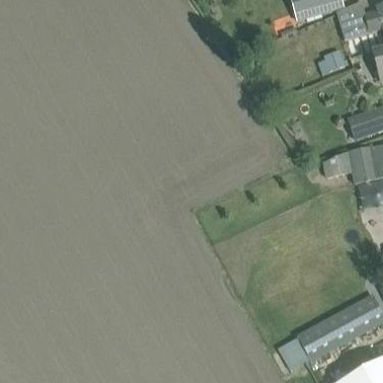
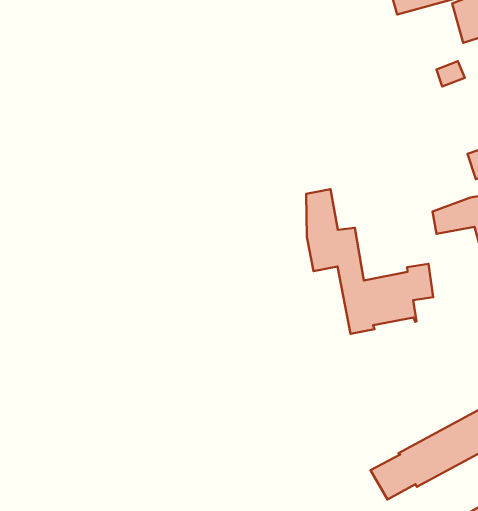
building: none -> [306,189,433,334]

